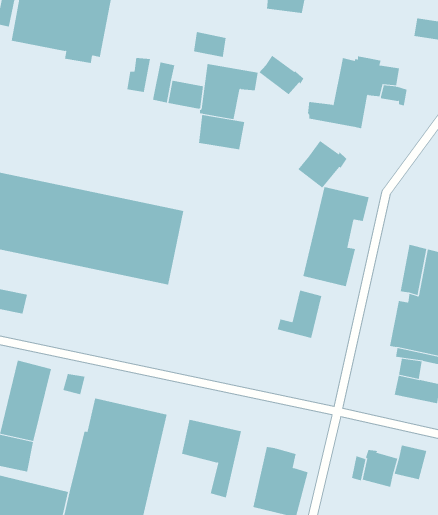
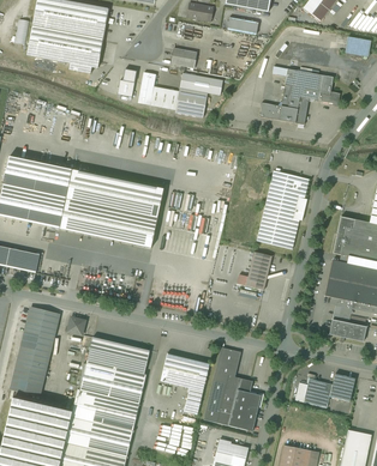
building: [259,55,304,95] -> none
building: [198,114,245,150] -> none
building: [298,140,347,188] -> none
building: none -> [204,346,241,423]

